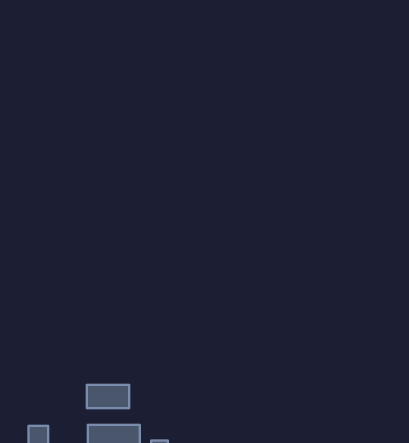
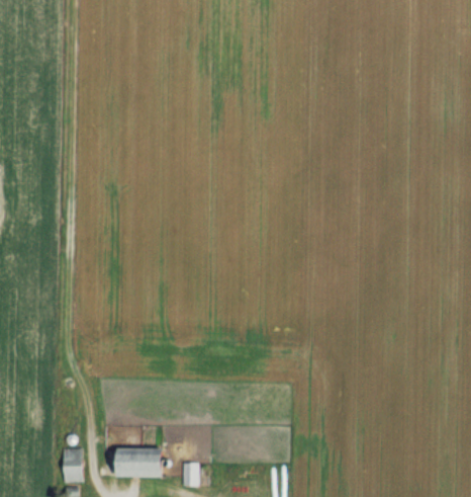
building: [87,385,129,408] -> none

